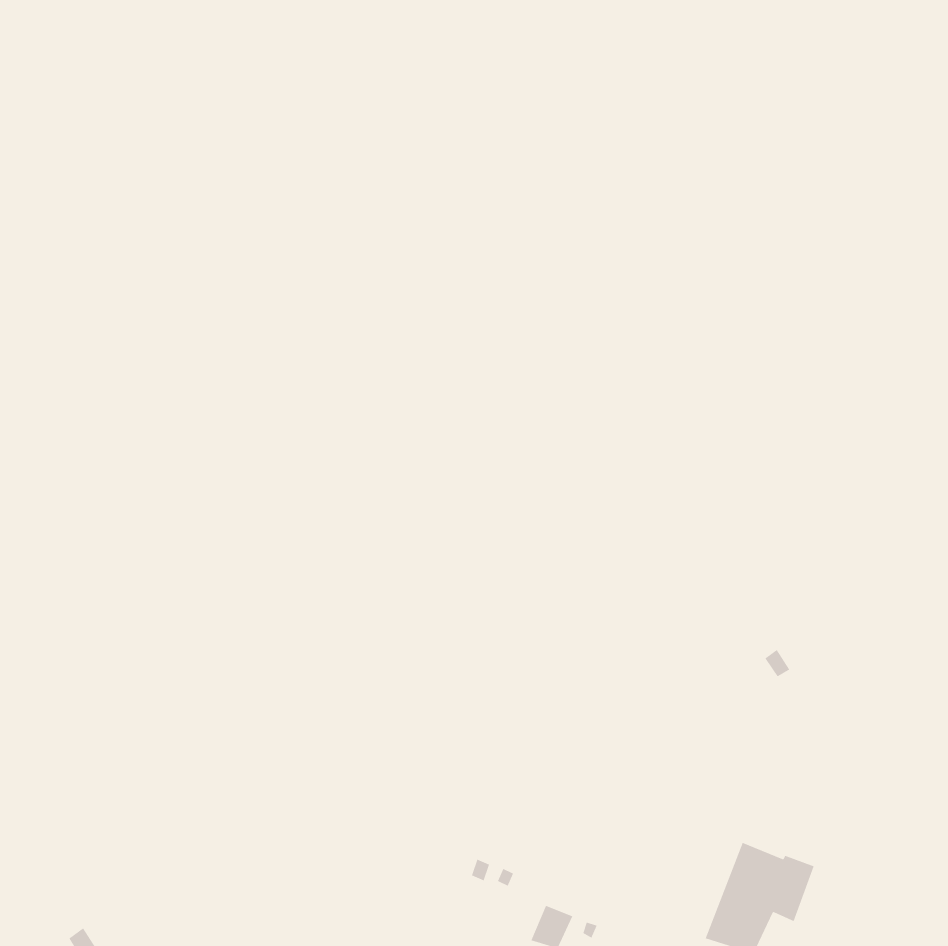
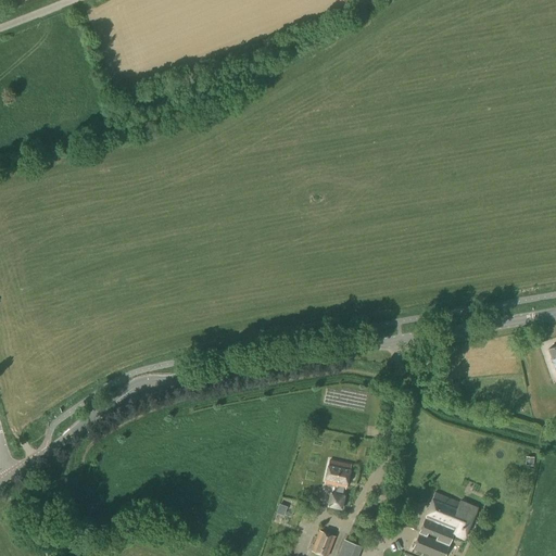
building: none -> [324,460,351,511]

